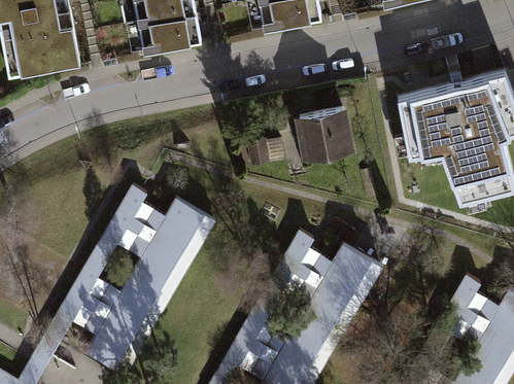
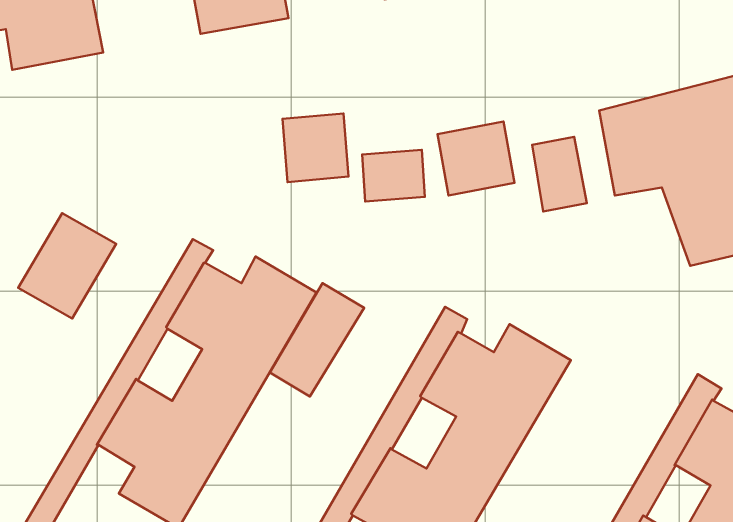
building: none -> [282,113,348,182]
building: none -> [532,137,587,212]
building: none -> [18,213,116,318]
building: none -> [270,283,364,397]

